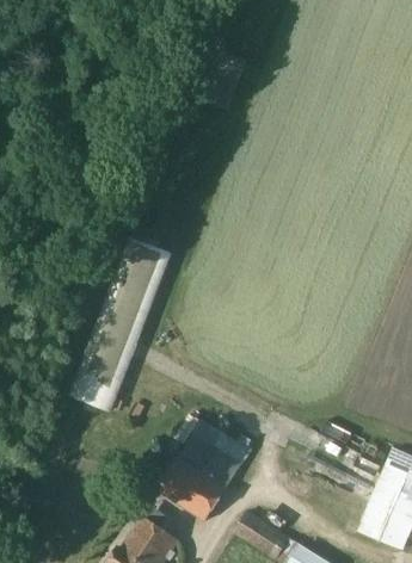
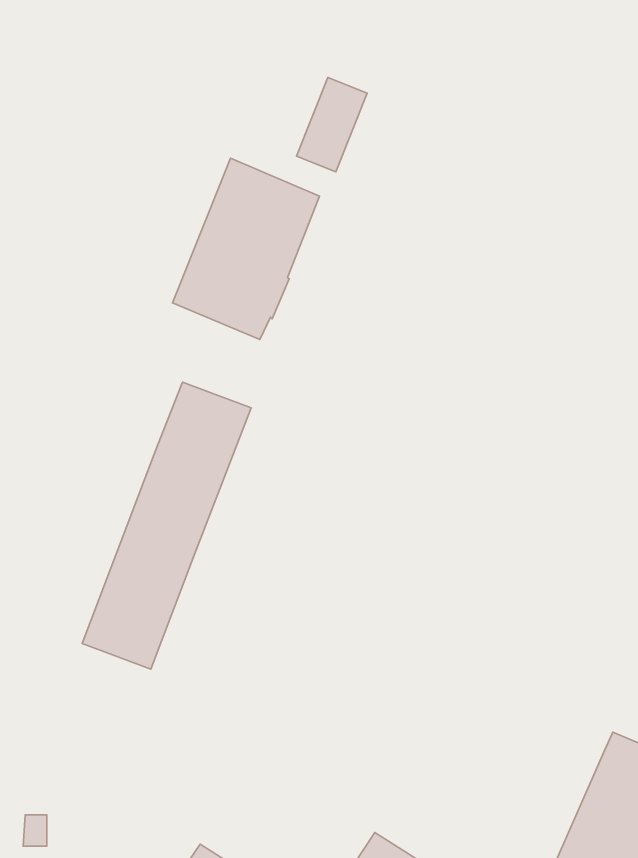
building: none -> [173,158,319,339]
building: [155,420,250,521] -> none

